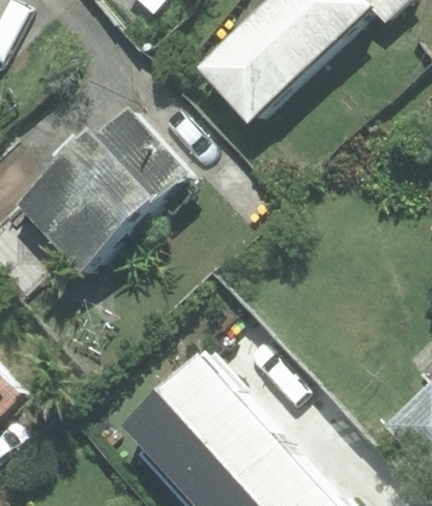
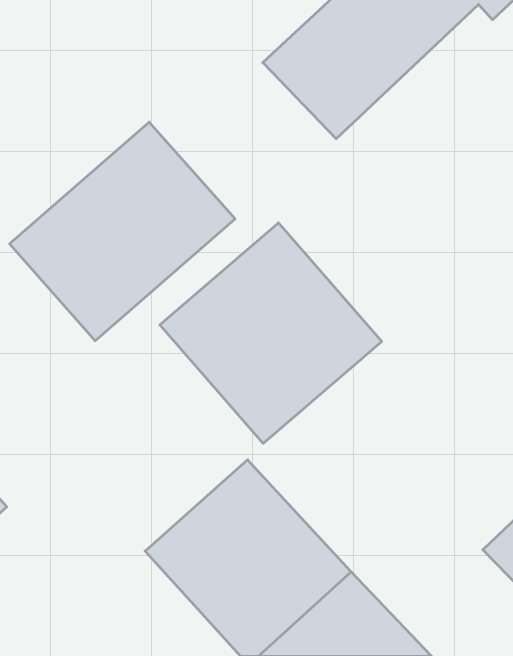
building: none -> [160,223,382,443]

